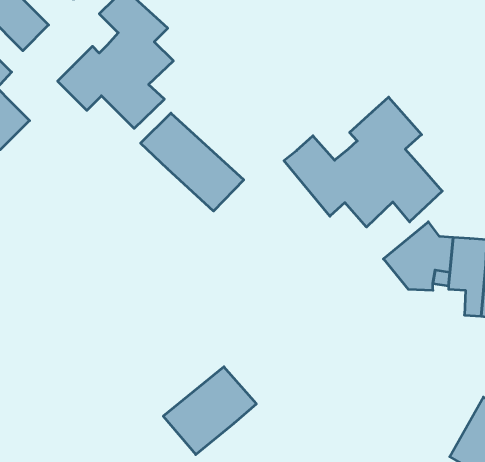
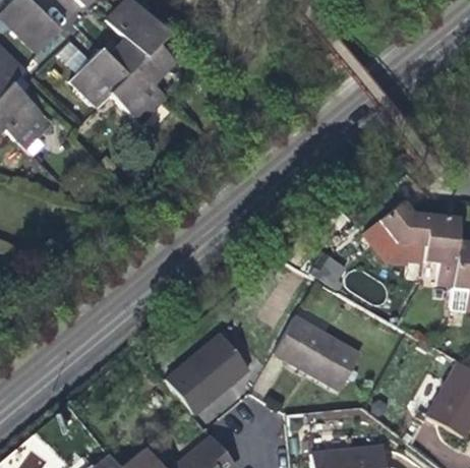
building: [284,97,442,227] -> none
building: [141,113,244,211] -> none
building: none -> [274,316,363,391]

